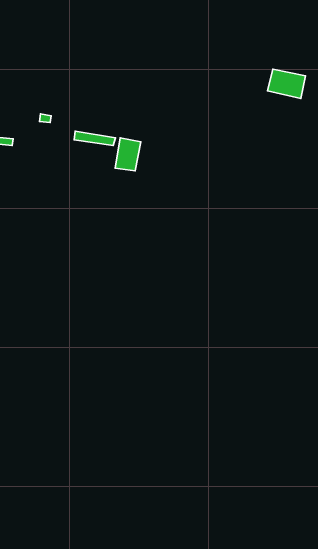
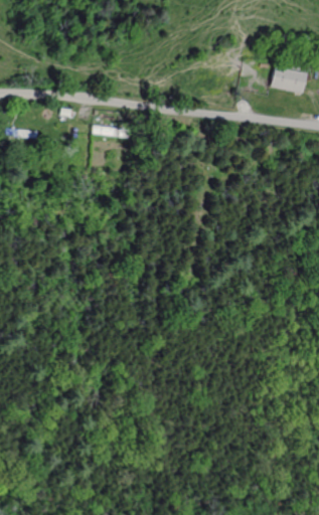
building: [115,138,141,171] -> none

